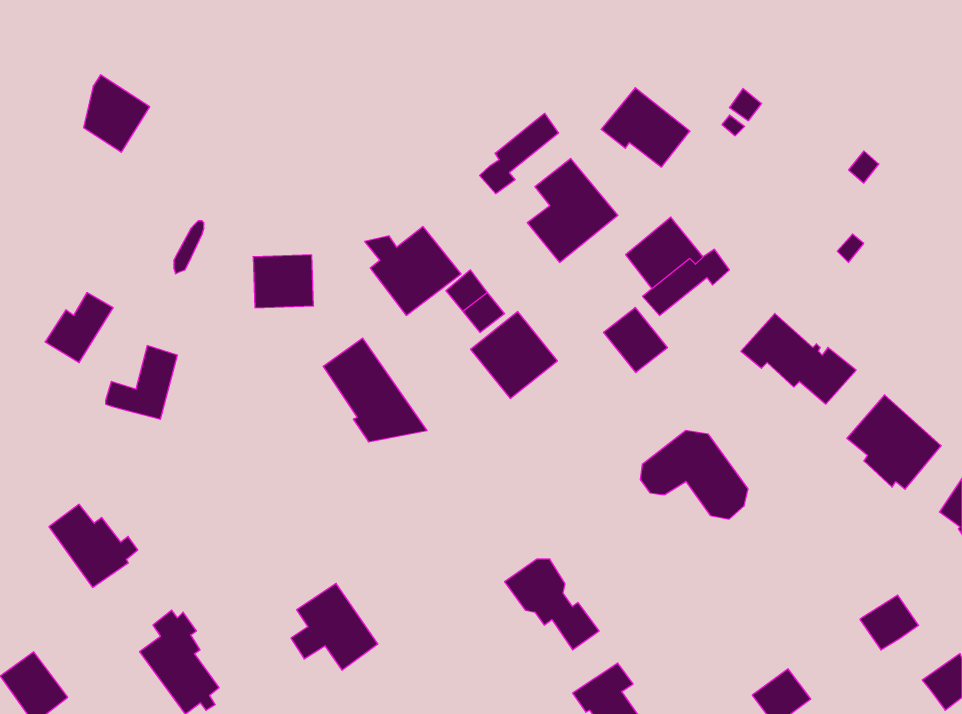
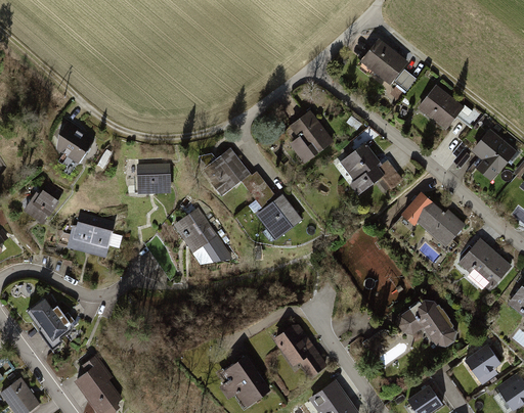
building: [84,75,150,152] -> [59,123,95,165]
building: [601,88,690,167] -> [360,40,408,83]
building: none -> [421,87,464,130]
building: [480,113,558,194] -> none
building: none -> [472,129,517,181]
building: [604,307,667,373] -> none
building: none -> [89,218,115,257]
building: [640,430,748,519] -> [398,301,456,349]
building: [291,583,378,670] -> [221,358,268,405]

